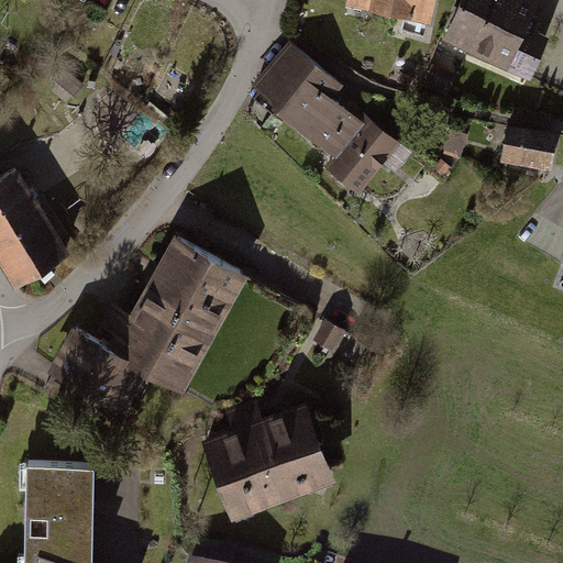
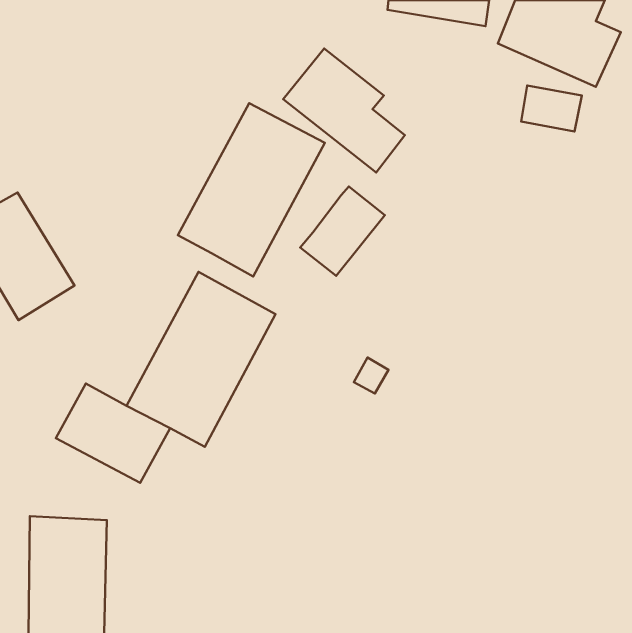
building: none -> [178,103,325,277]
building: [322,113,397,192] -> [300,187,385,276]
building: [499,125,553,166] -> [521,85,582,131]
building: [202,402,339,525] -> none

